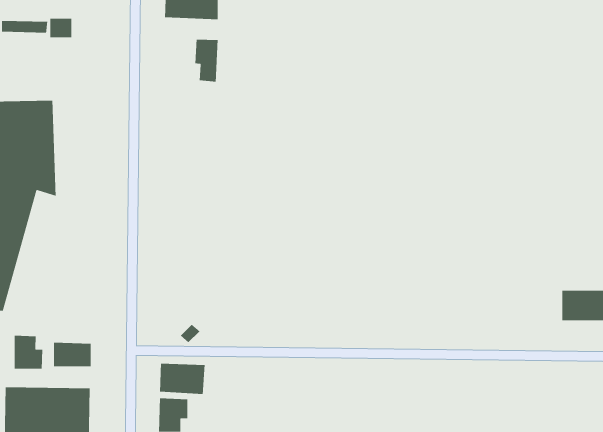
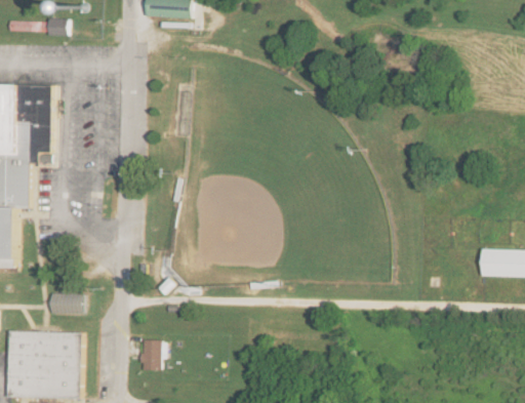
building: [194,39,218,83] -> none
building: [14,335,43,370] -> none
building: [159,363,206,395] -> none

